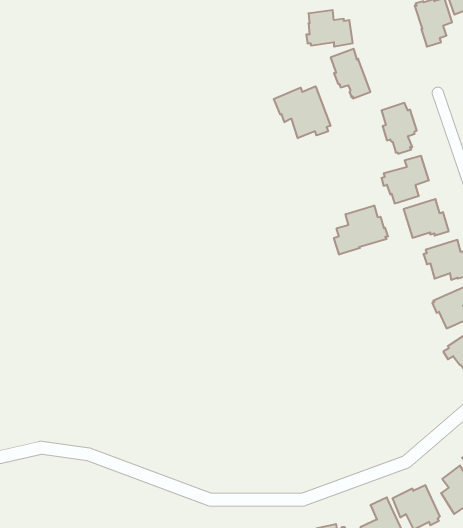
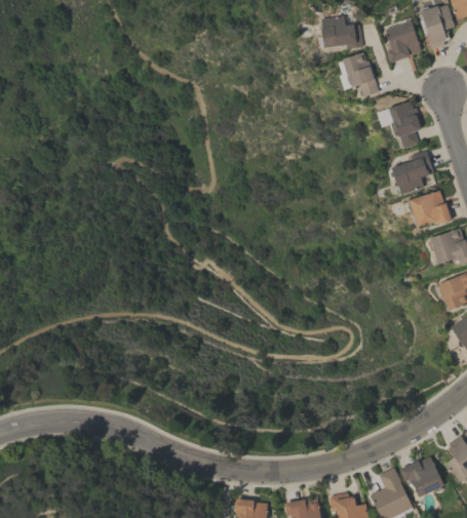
building: none -> [385,19,421,64]
building: [274,86,330,138] -> none
building: [334,205,388,255] -> none

